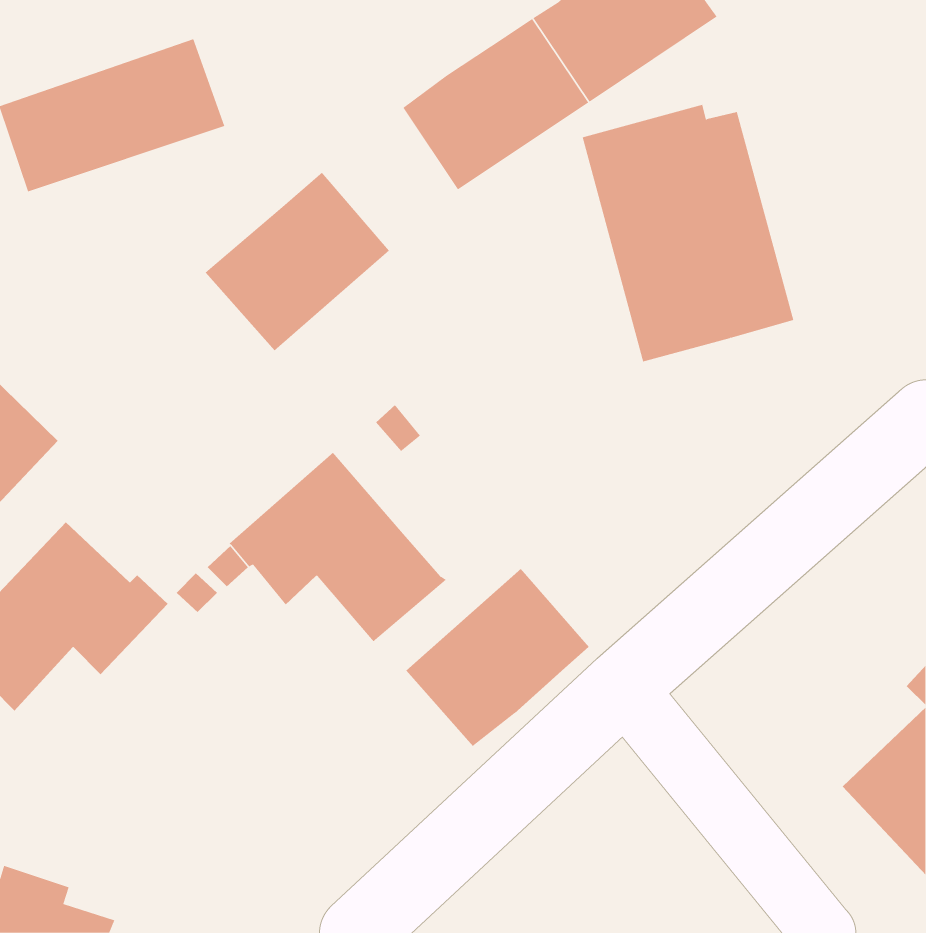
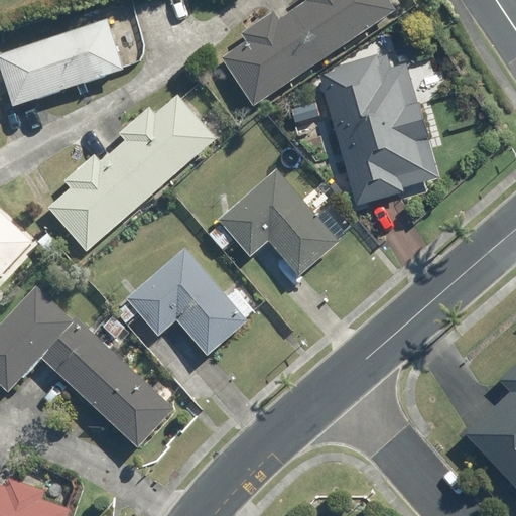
building: none -> [46,150,151,251]
building: none -> [219,169,336,274]
building: [405,568,590,747] -> none
building: none -> [55,333,174,449]

